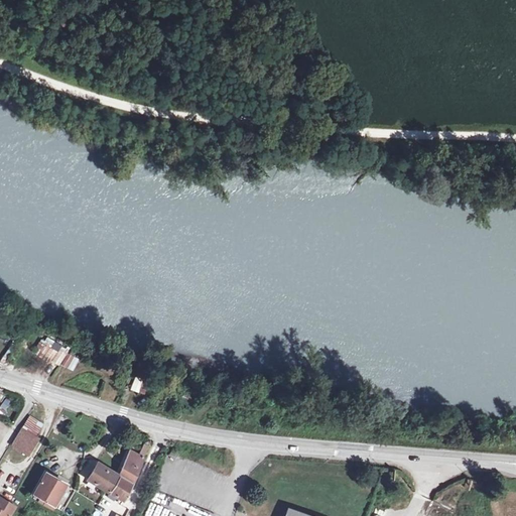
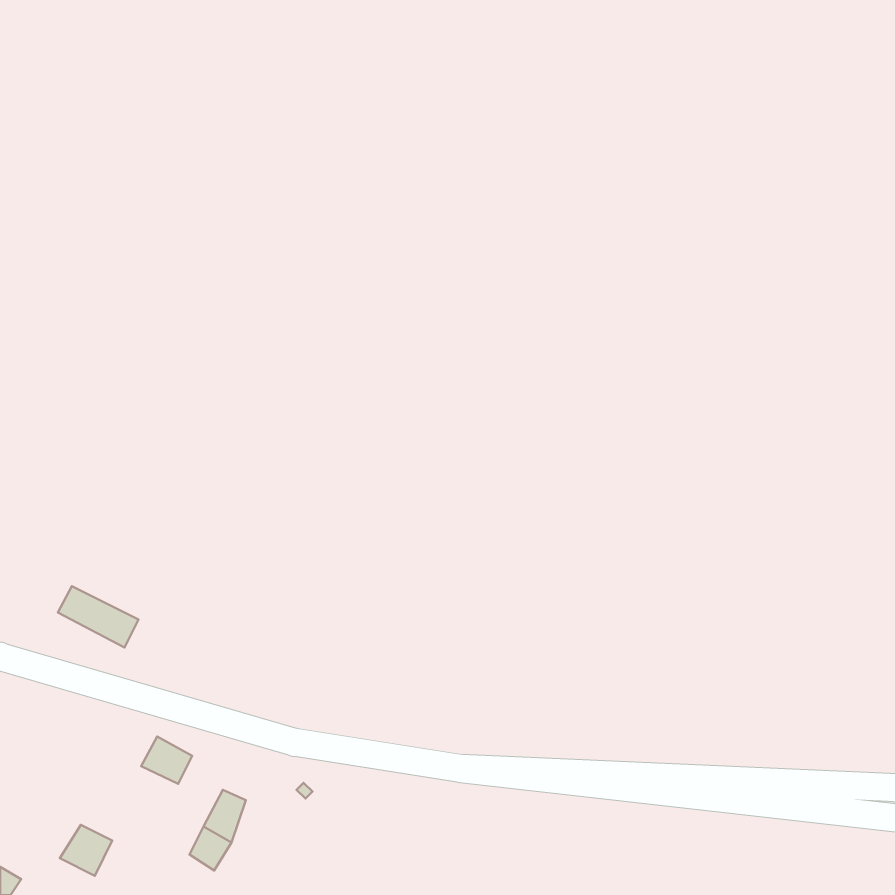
building: [10,427,36,454] -> none
building: [89,464,118,491] -> [141,736,192,784]

